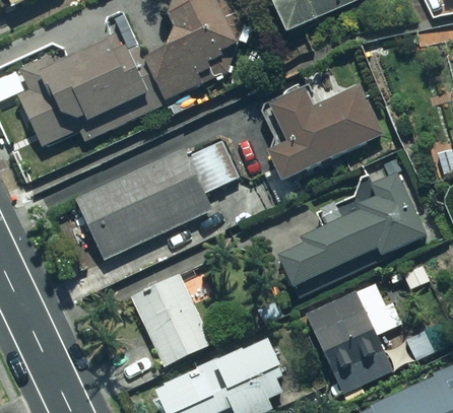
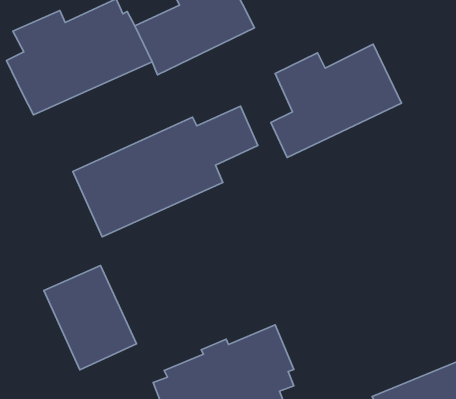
building: [258,169,429,291] -> none
building: [130,268,216,365] -> [44,265,136,370]
building: [301,281,420,396] -> none

